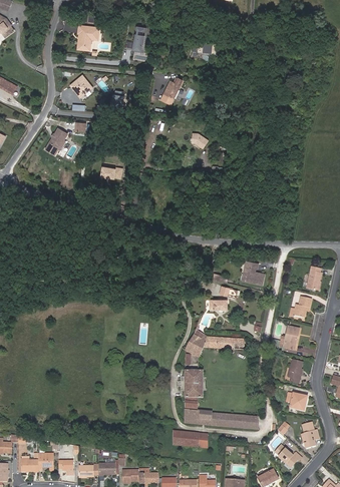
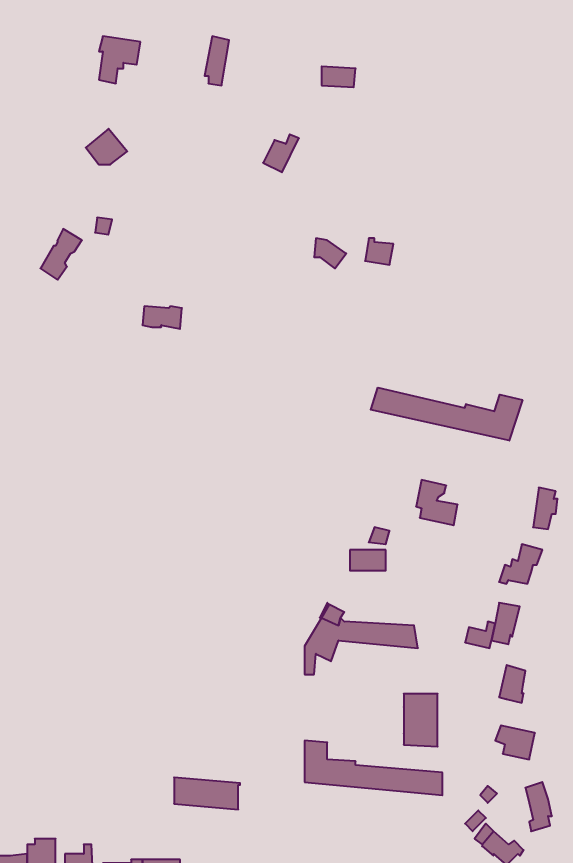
building: none -> [371,388,522,441]
building: [185,370,203,398] -> [404,694,438,747]
building: [173,431,208,448] -> [174,777,240,809]

